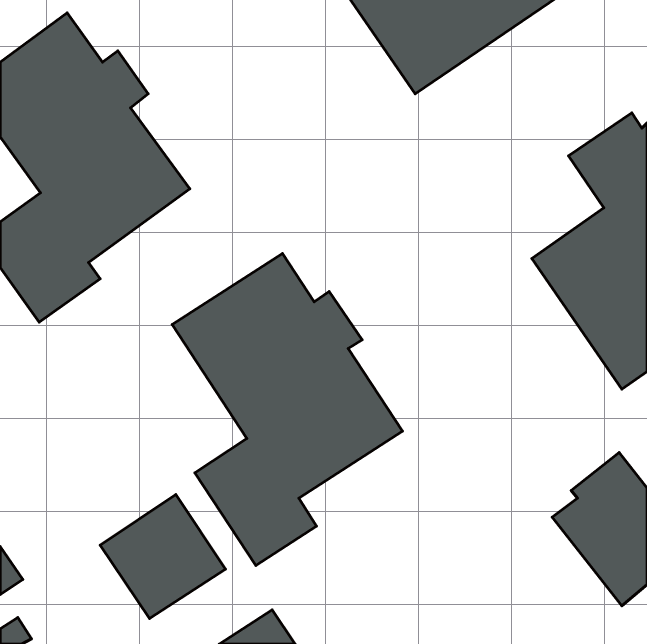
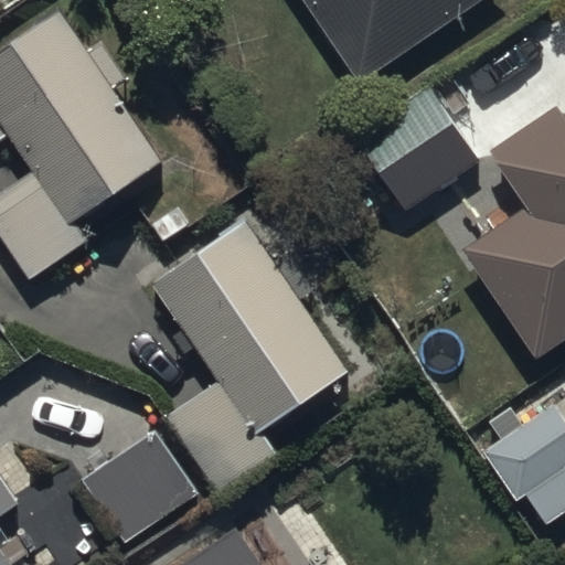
building: none -> [350,89,480,217]

